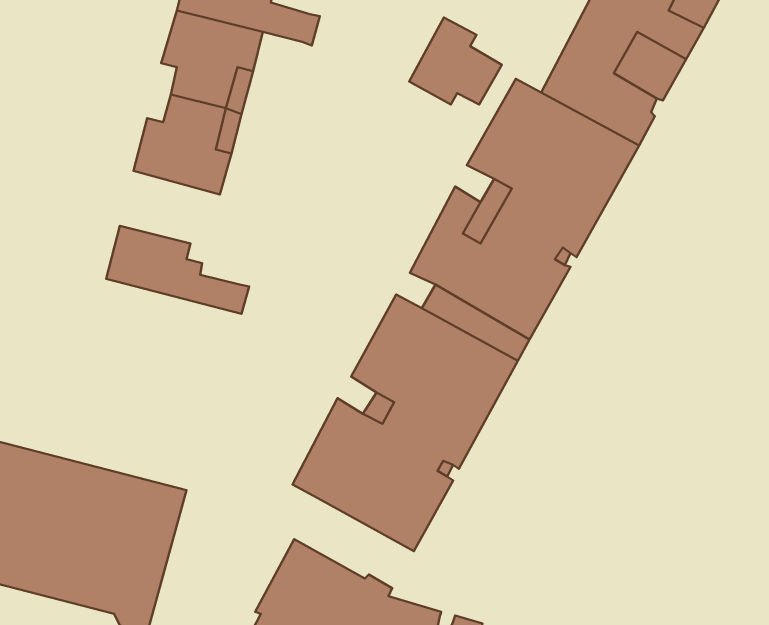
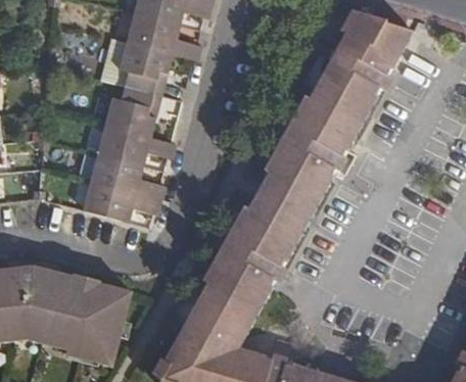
building: [409,18,502,105] -> none
building: none -> [98,125,176,162]
building: none -> [84,181,161,220]
building: none -> [189,295,251,342]

